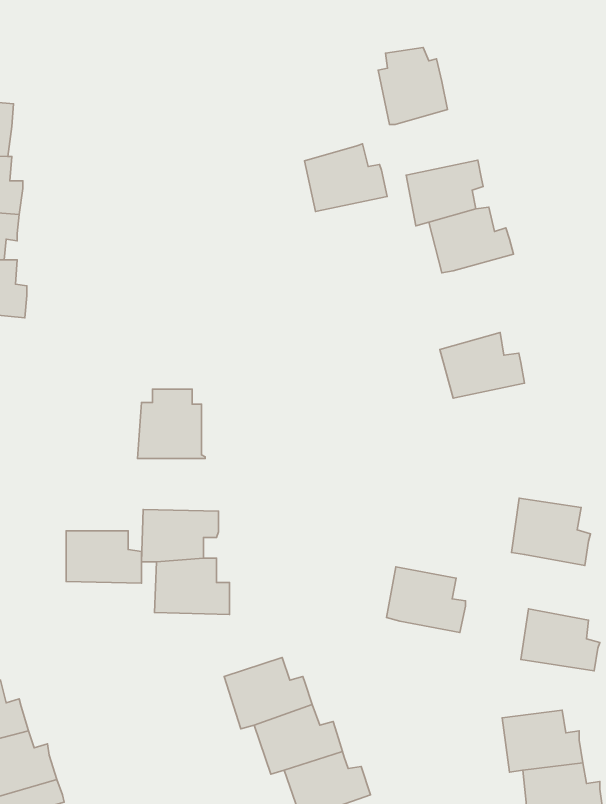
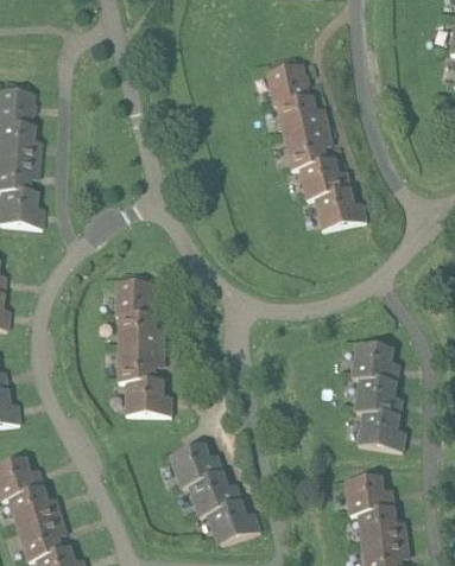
building: [304,144,387,212] -> [277,94,329,136]
building: [440,332,525,398] -> [314,186,367,228]
building: [66,531,141,583] -> [118,316,165,349]
building: [387,567,465,633] -> [353,376,403,418]

